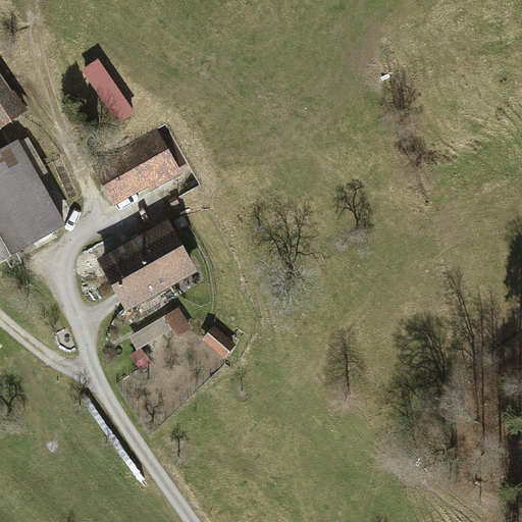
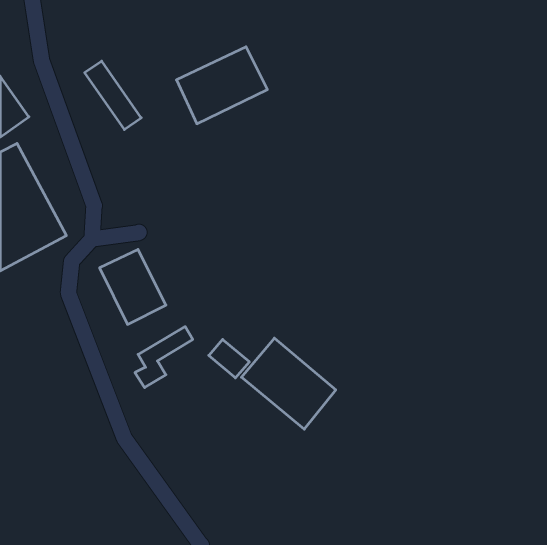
building: [98,127,185,201] -> [176,47,267,124]
building: [132,219,195,291] -> none
building: none -> [241,338,336,429]

